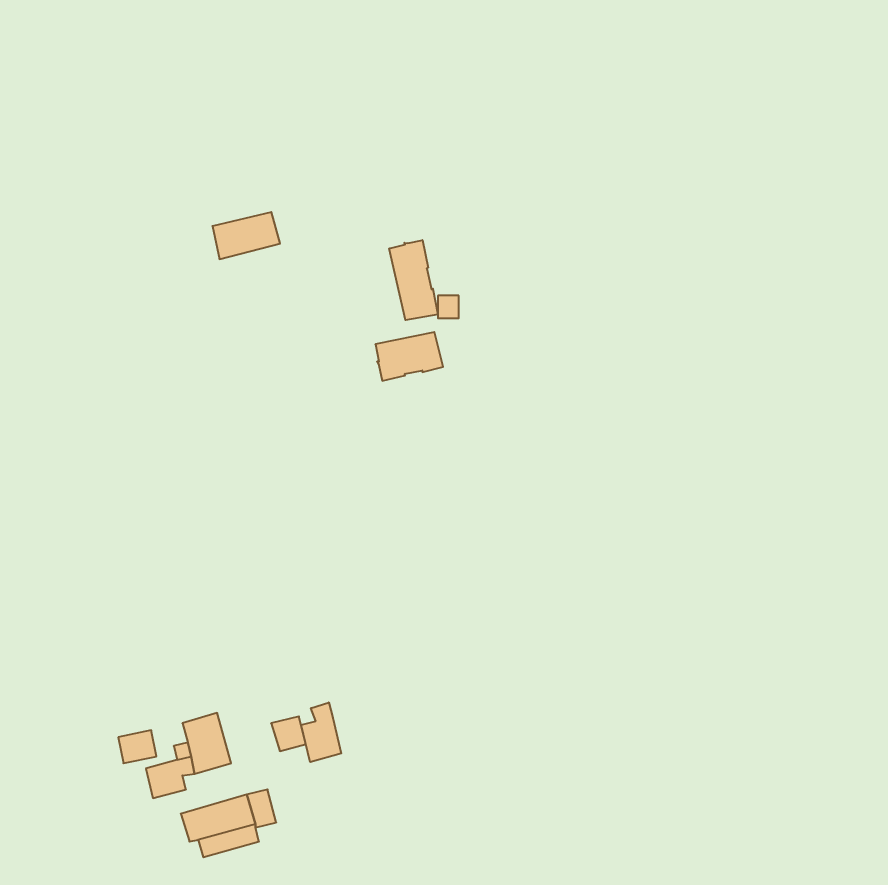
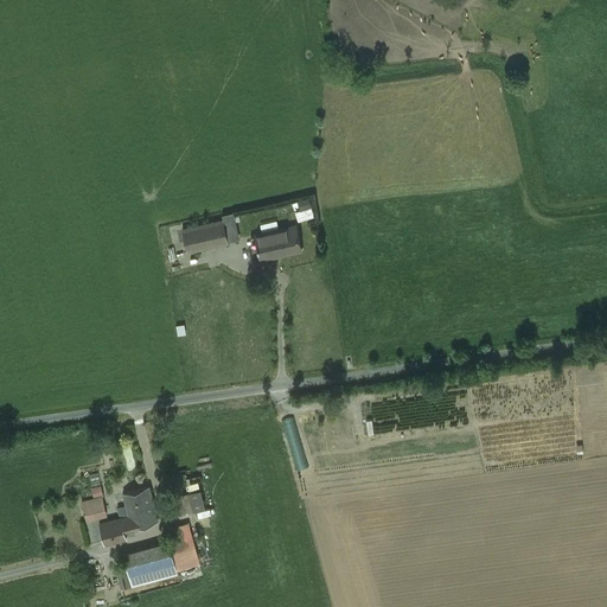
building: [212,212,280,259] -> [183,222,229,254]
building: [389,240,438,320] -> none
building: [301,702,341,762] -> none

